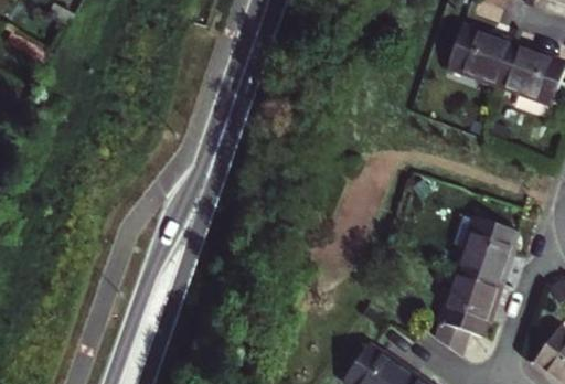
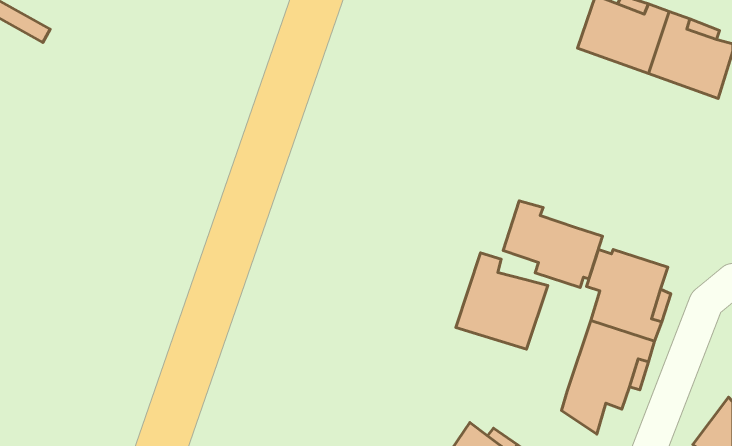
building: none -> [503,201,603,288]
building: none -> [456,253,548,349]

